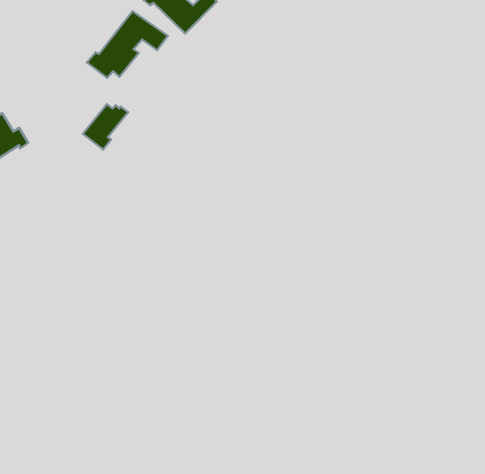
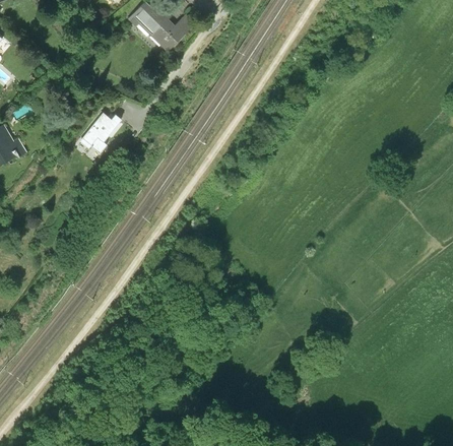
building: [87,11,168,78] -> none

